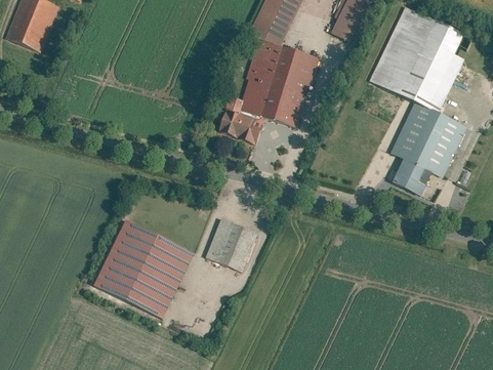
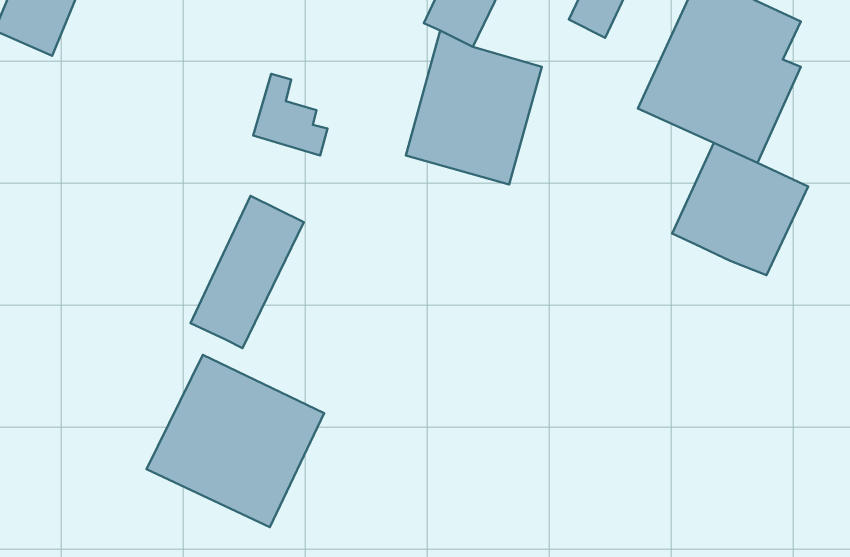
building: [217,96,259,142] -> [253,74,327,156]
building: none -> [190,196,304,348]
building: [392,158,424,195] -> none
building: [206,218,256,271] -> none

